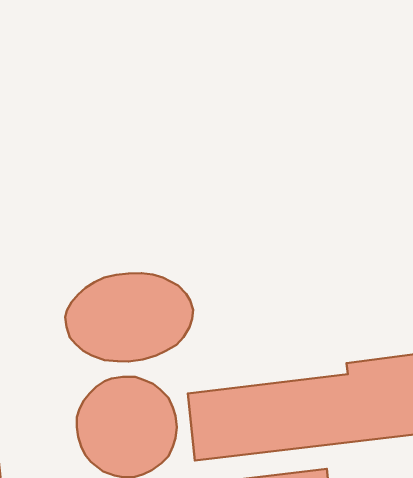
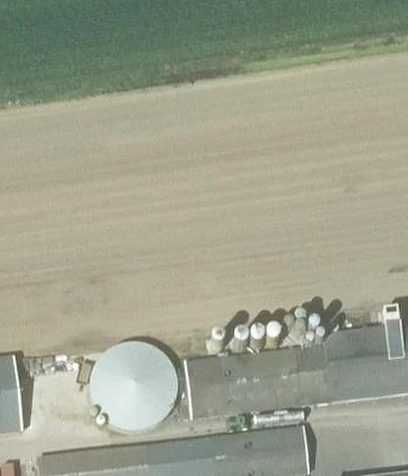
building: [65,273,193,361] -> none

